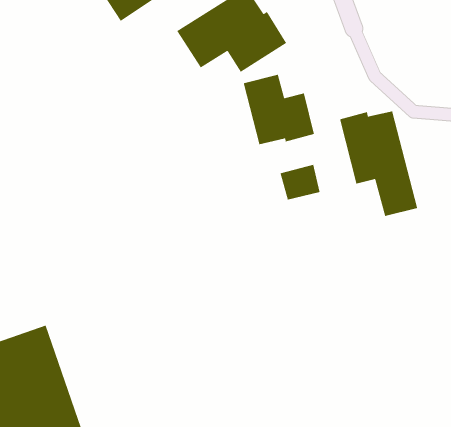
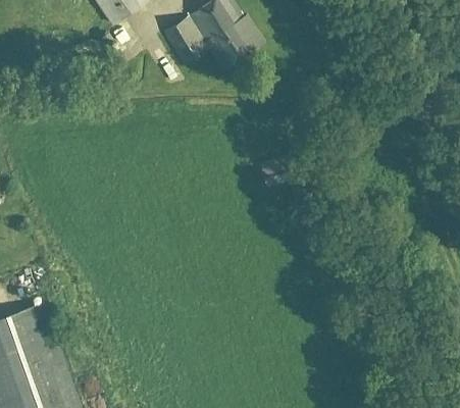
building: [243,74,315,145] -> none
building: [339,111,418,217] -> none

